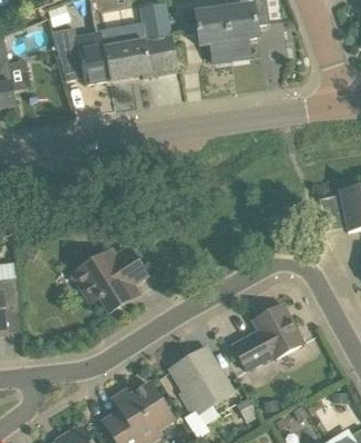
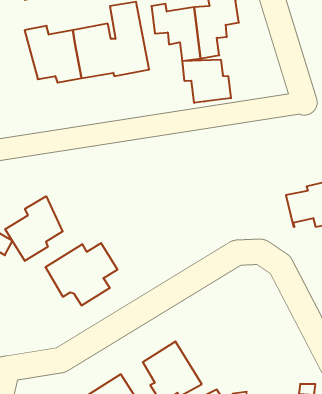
building: none -> [182,60,231,103]
building: none -> [5,196,63,261]
building: [232,304,304,371] -> none

